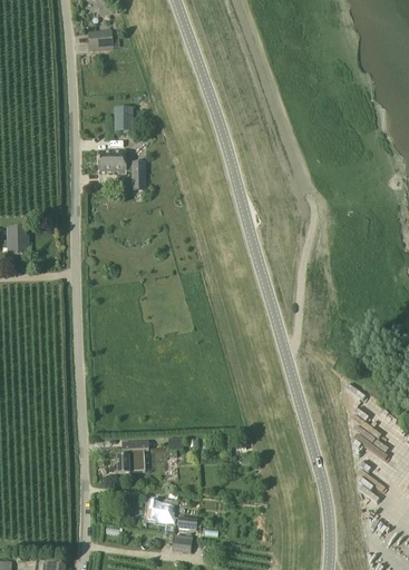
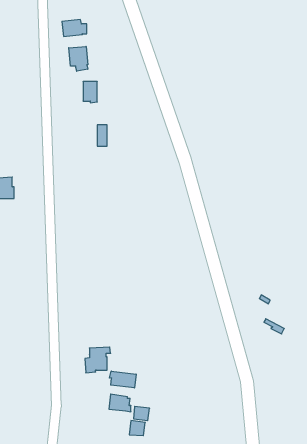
building: none -> [69,46,88,71]
building: [98,149,125,170] -> none
building: none -> [109,371,136,388]

